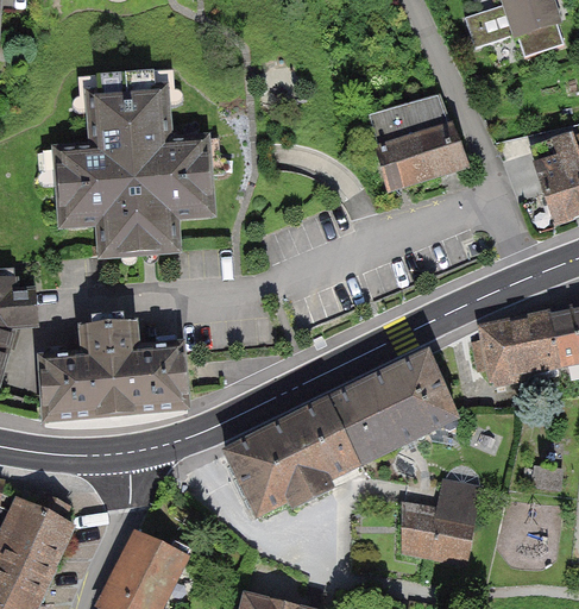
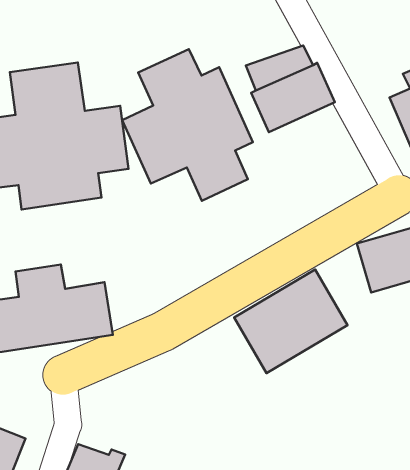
building: none -> [122,49,253,201]
building: [221,400,360,519] -> none
building: [398,478,484,565] -> none

